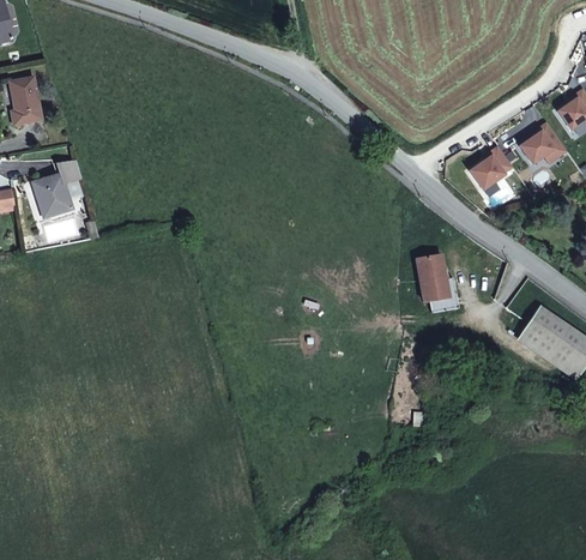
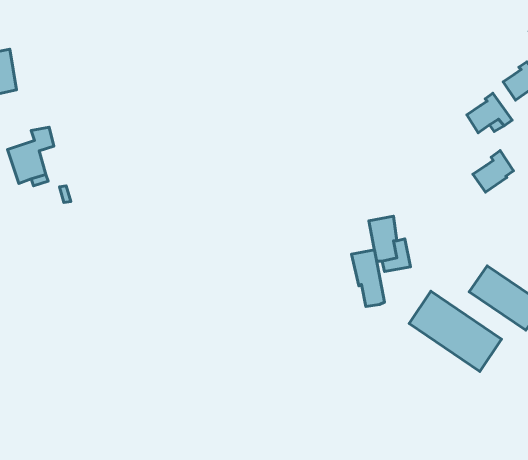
building: [469,145,512,189] -> [473,150,514,192]
building: none -> [351,250,384,306]
building: none -> [409,291,502,372]

